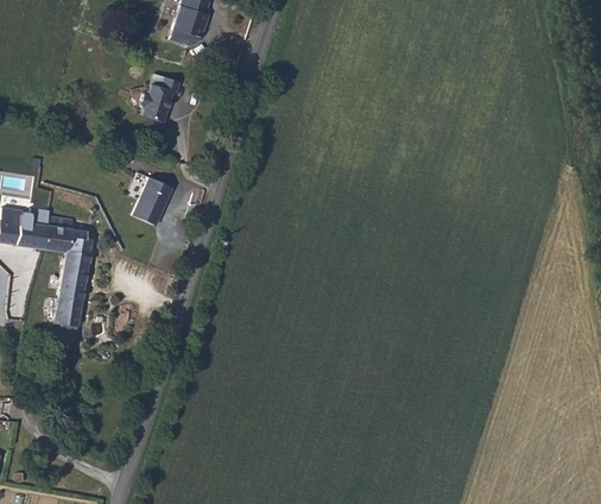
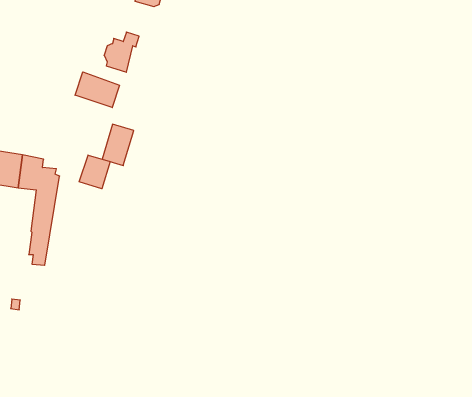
building: none -> [75,72,120,108]
building: none -> [79,155,110,189]

